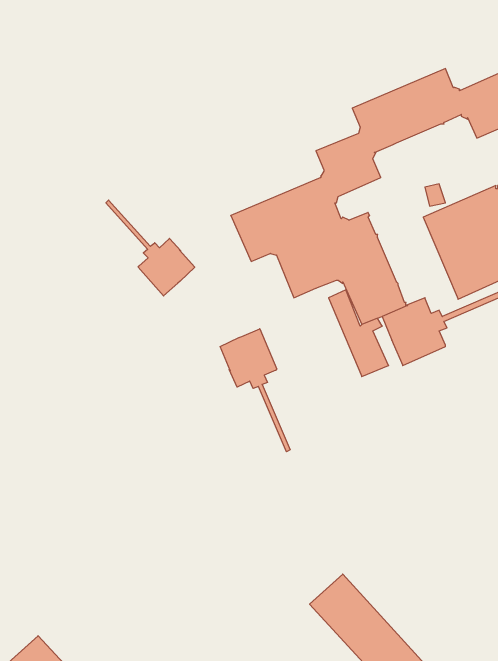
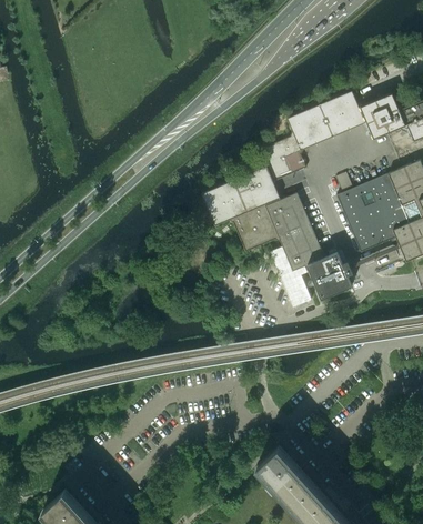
building: [106,200,195,296] -> none
building: [220,329,290,452] -> none

